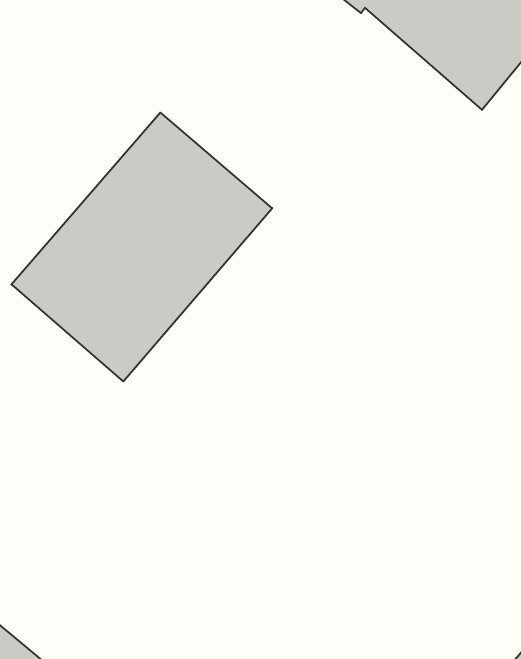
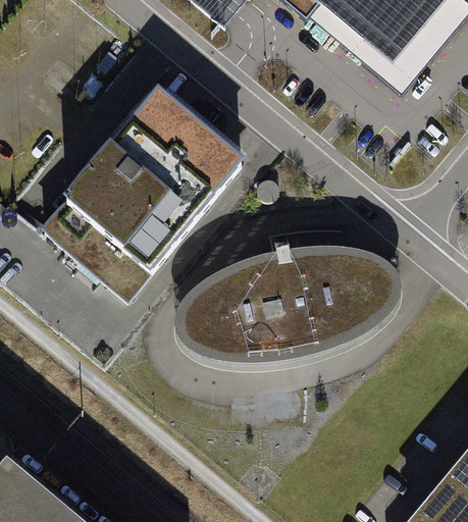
building: none -> [181,254,392,353]

